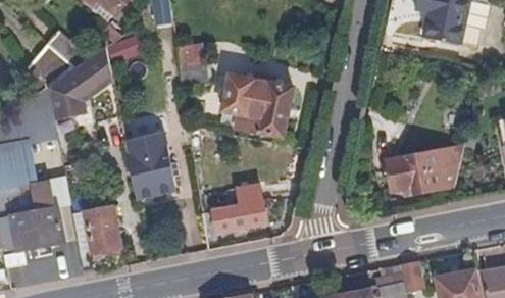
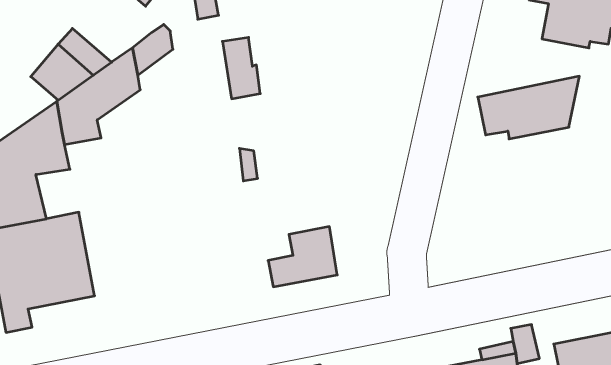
building: [216,71,295,139] -> none
building: [121,121,174,199] -> none
building: [385,145,464,194] -> [478,76,579,139]
building: [83,206,121,258] -> none

